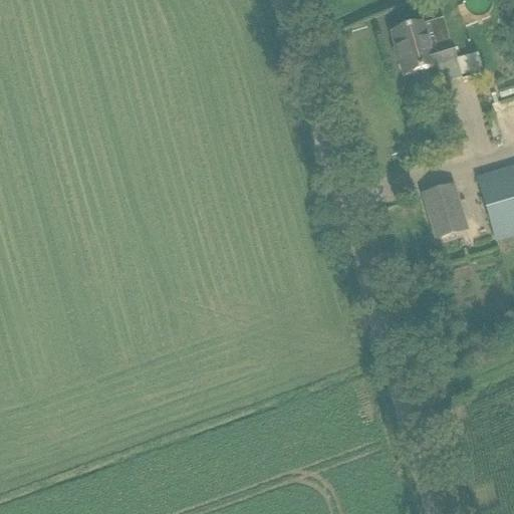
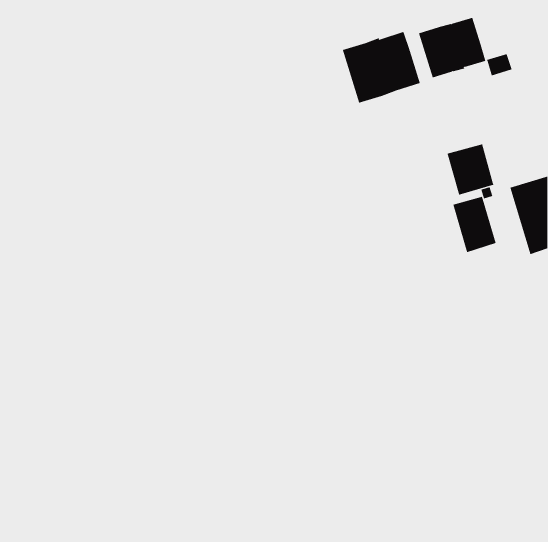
building: none -> [342,31,420,104]
building: none -> [447,144,494,195]

